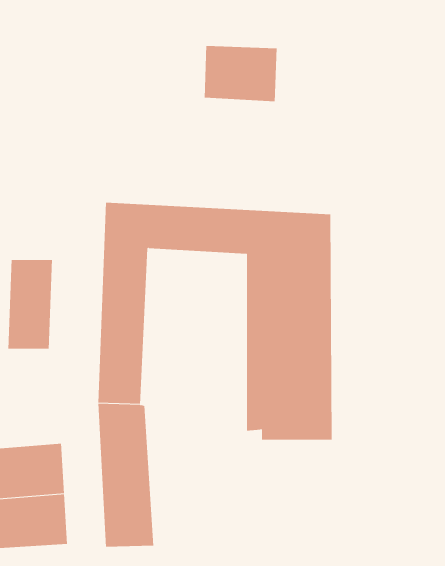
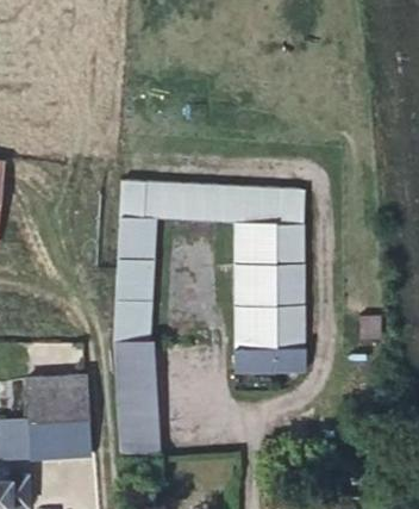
building: [204,45,277,102] -> none
building: [8,259,52,350] -> none

